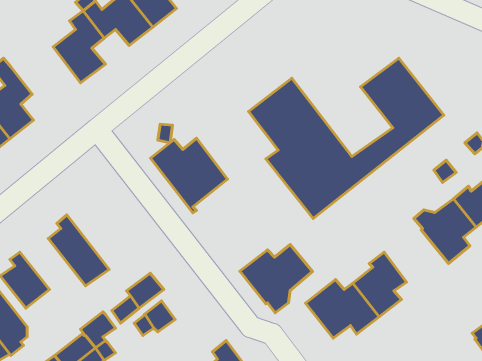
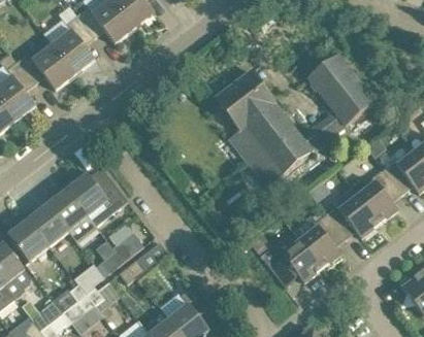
building: none -> [17,44,74,90]
building: [151,138,228,213] -> [63,167,127,229]
building: none -> [326,187,380,239]
building: none -> [24,203,68,245]
building: [240,245,313,313] -> none

